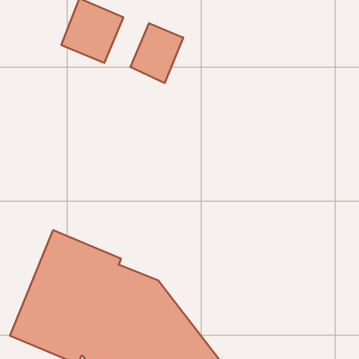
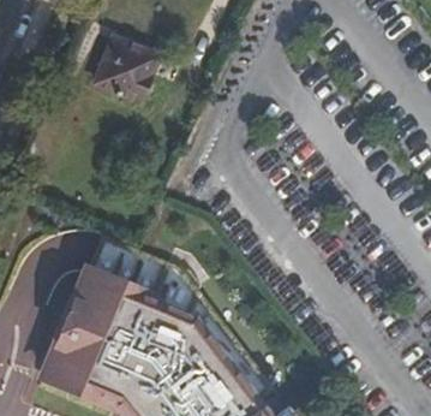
building: [130,23,183,83] -> none

